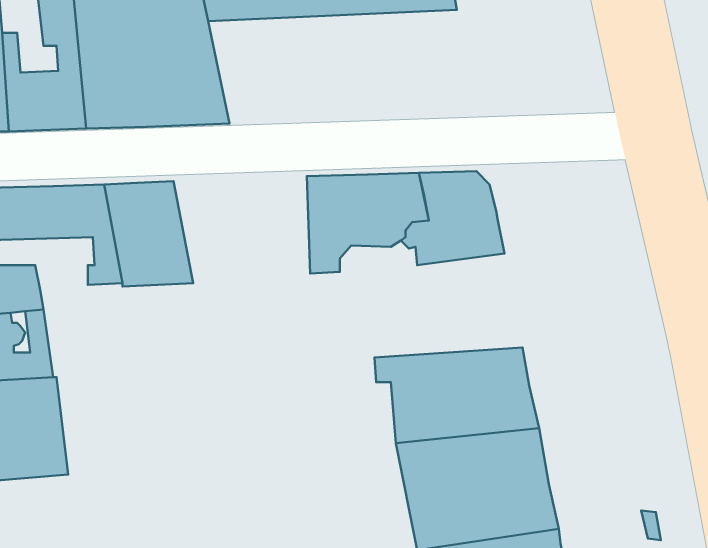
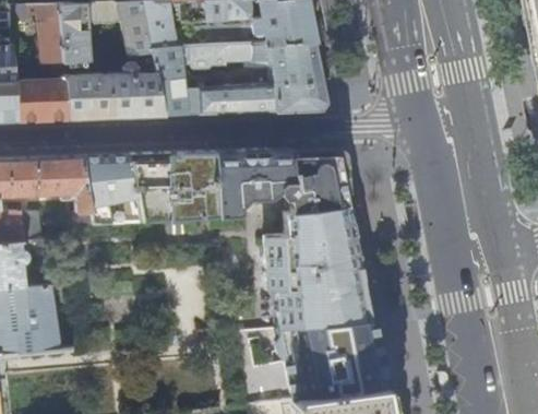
building: none -> [152,40,328,116]
building: none -> [129,151,219,222]
building: none -> [261,202,360,271]

